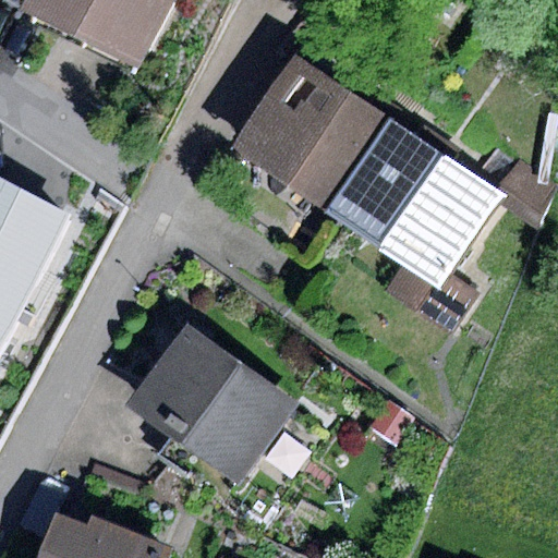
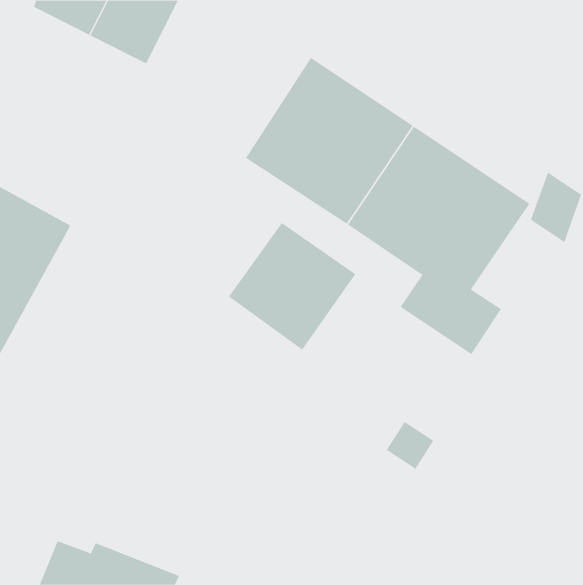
building: none -> [228,222,356,350]
building: [124,324,295,487] -> none

